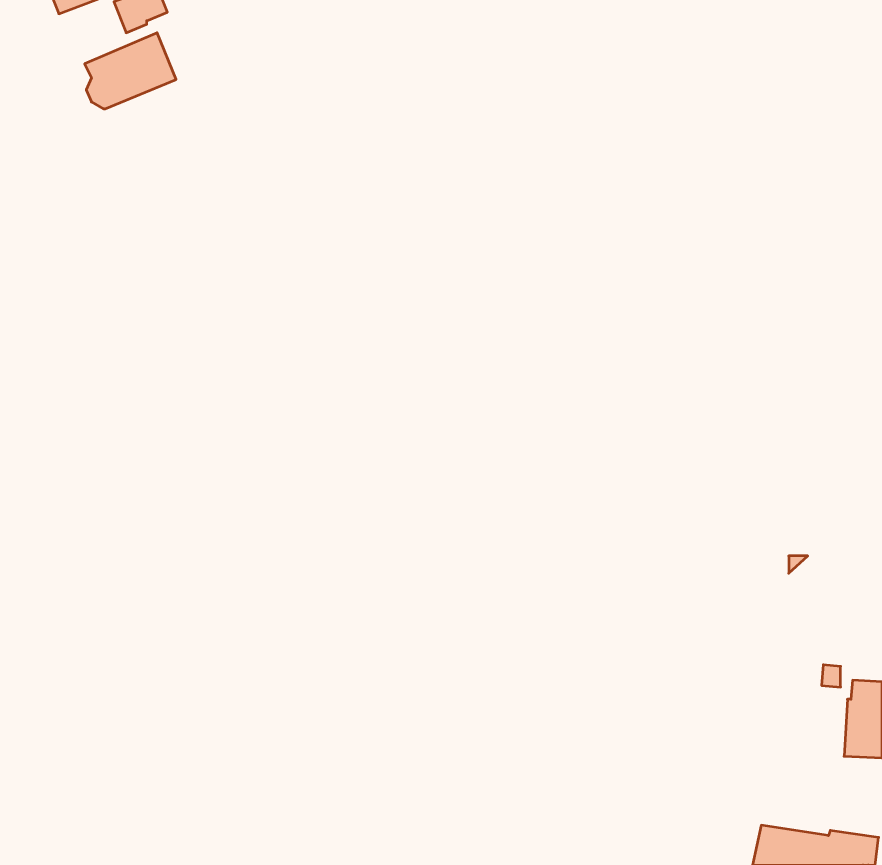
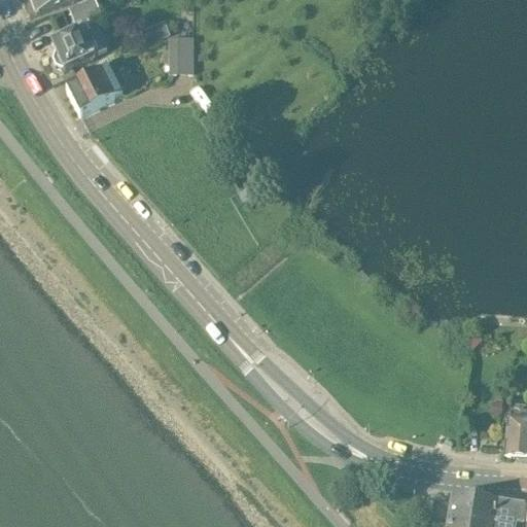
building: none -> [171,32,192,67]
building: none -> [65,58,121,110]

